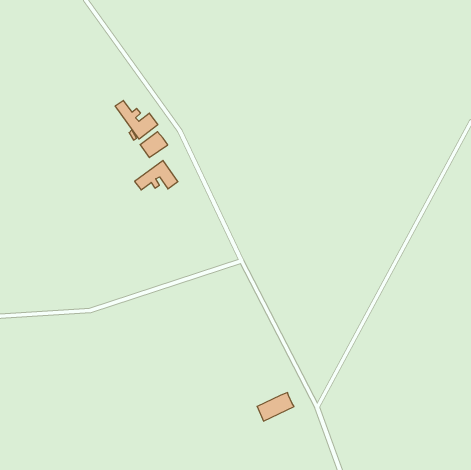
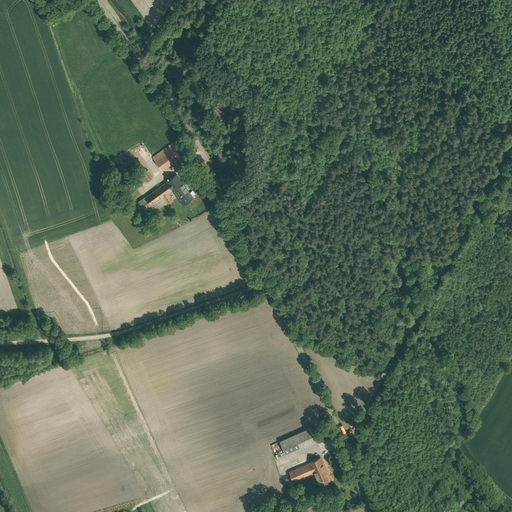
building: [115,100,158,139] -> none
building: none -> [288,458,331,488]

